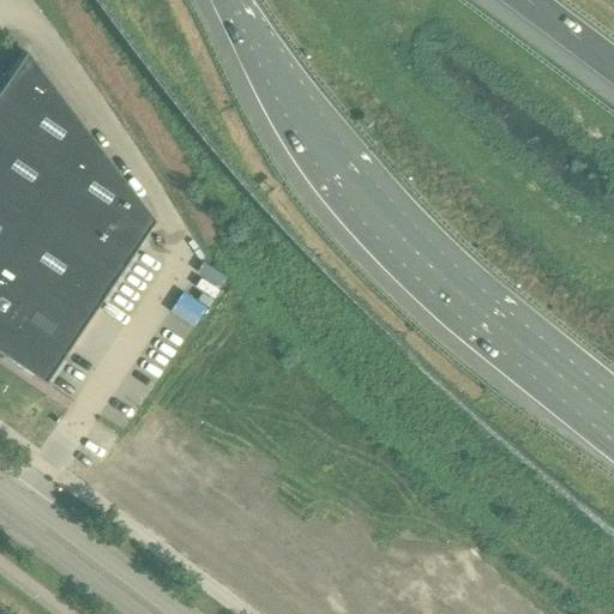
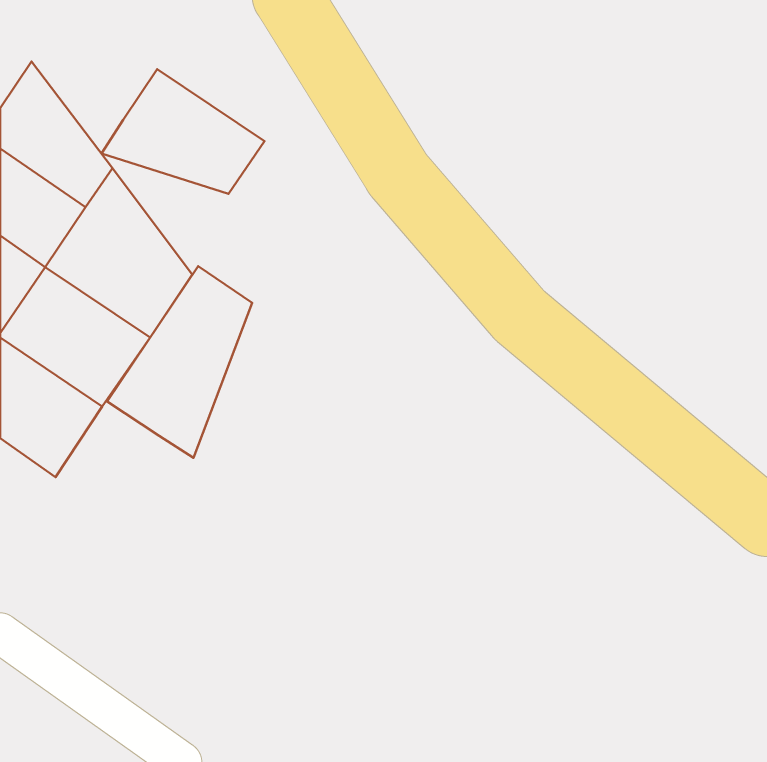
building: none -> [101,69,264,194]
building: none -> [107,266,252,458]

